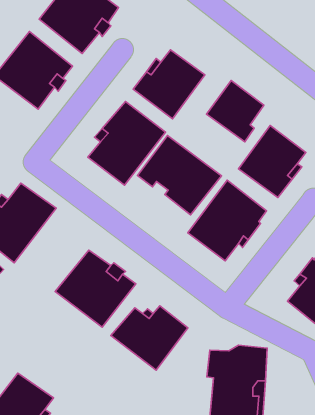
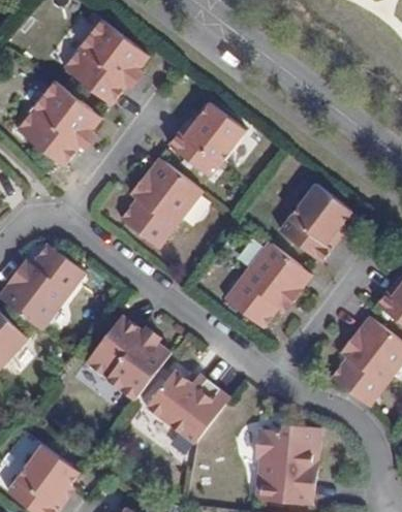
building: [206,81,264,142] -> none
building: [138,136,222,215] -> none

